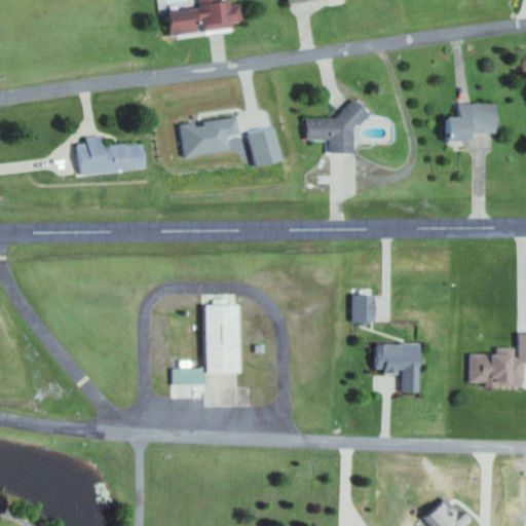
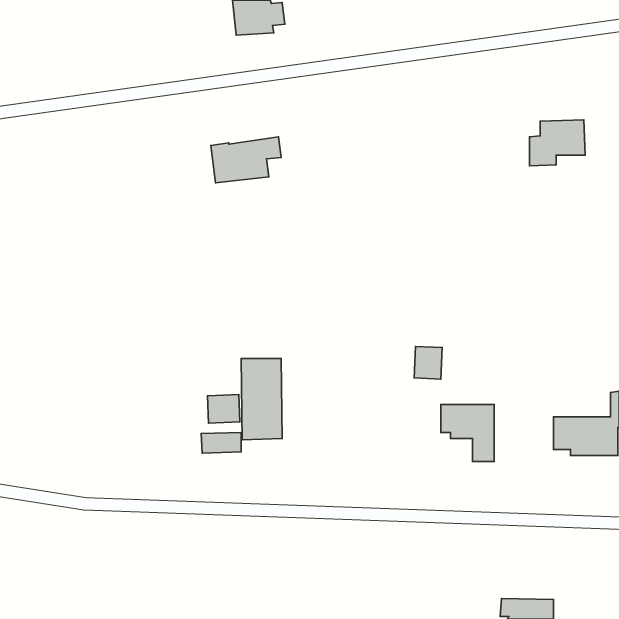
building: [168,8,198,35] -> none
building: [305,111,364,152] -> none
building: [247,126,281,166] -> none
building: [77,134,145,173] -> none
building: none -> [208,395,240,423]

